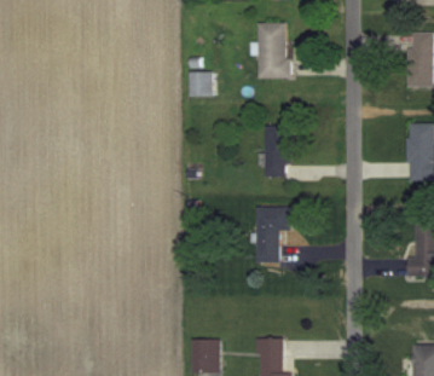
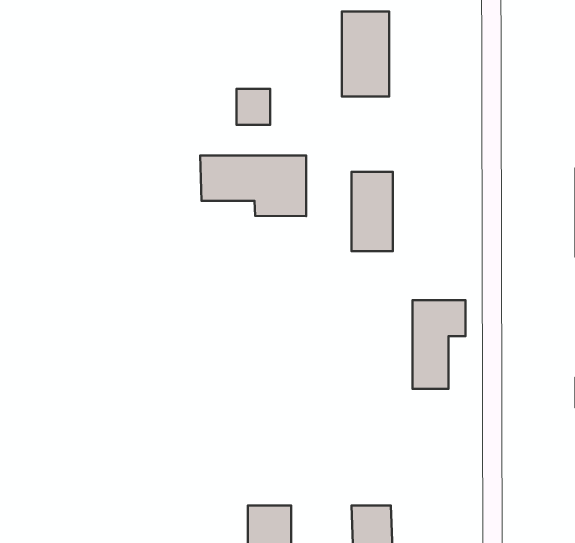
building: none -> [200,155,306,216]
building: [255,207,289,264] -> [413,300,465,389]

